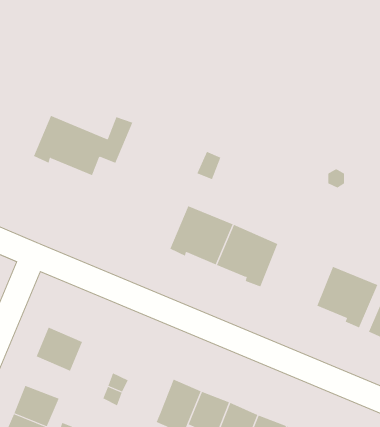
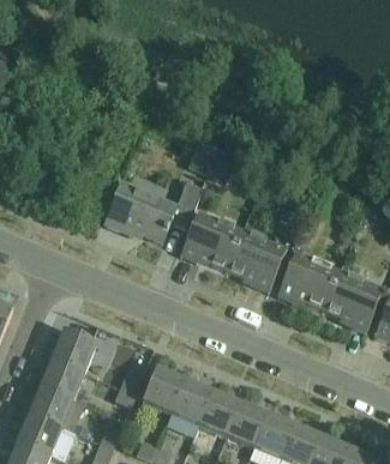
building: [33,115,133,176] -> [104,182,202,241]
building: none -> [276,252,338,308]
building: none -> [40,357,84,398]
building: none -> [142,367,184,412]

